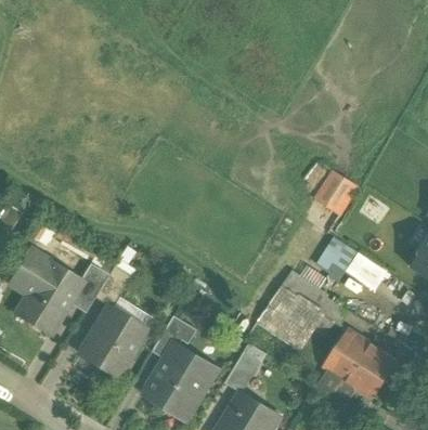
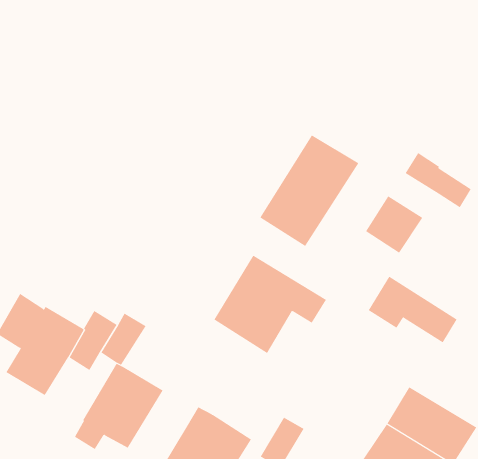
building: none -> [259,135,359,247]
building: none -> [405,152,471,208]
building: [255,270,348,351] -> [213,255,327,354]
building: [153,316,197,359] -> none

